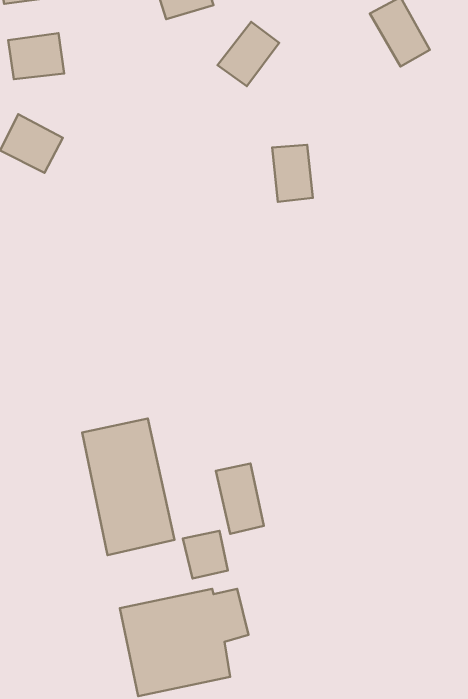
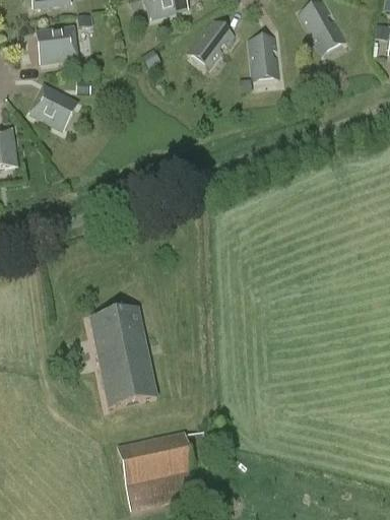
building: [272,145,313,202] -> [248,37,277,78]
building: [216,463,264,534] -> none
building: [183,531,228,579] -> none

